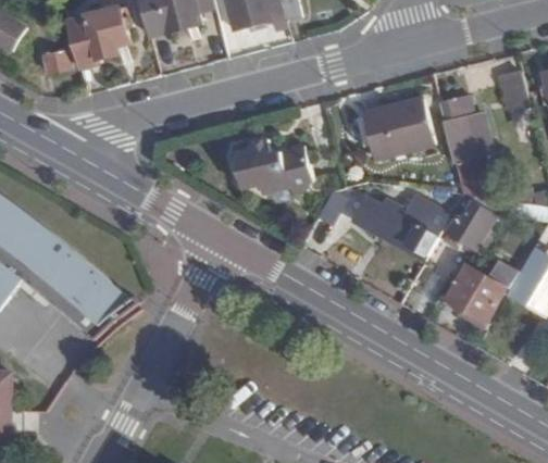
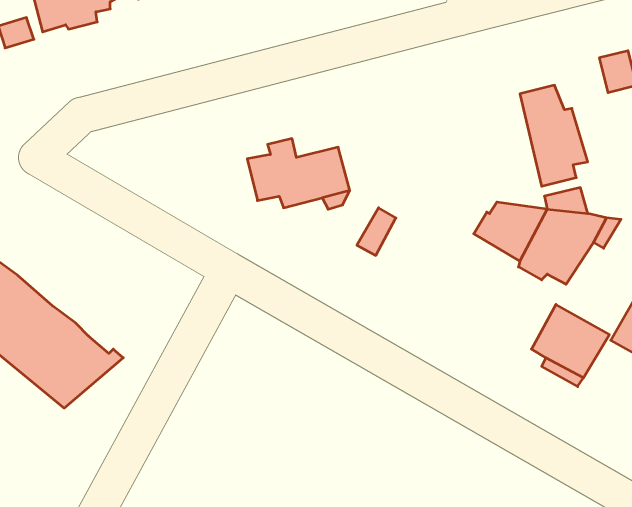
building: [362,99,433,159] -> none
building: [357,195,438,260] -> none

